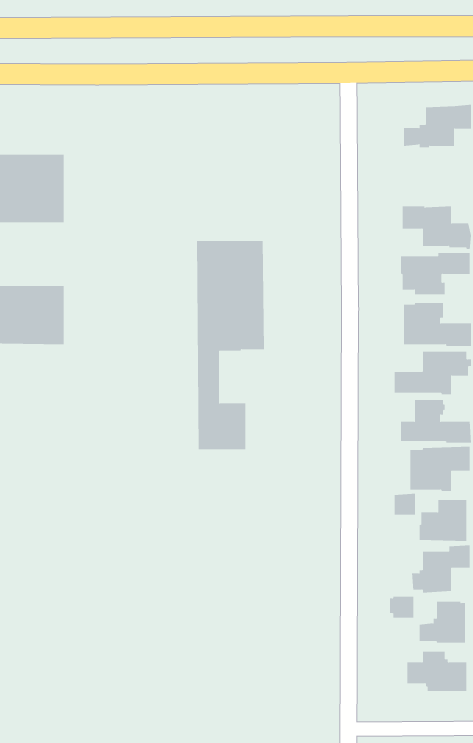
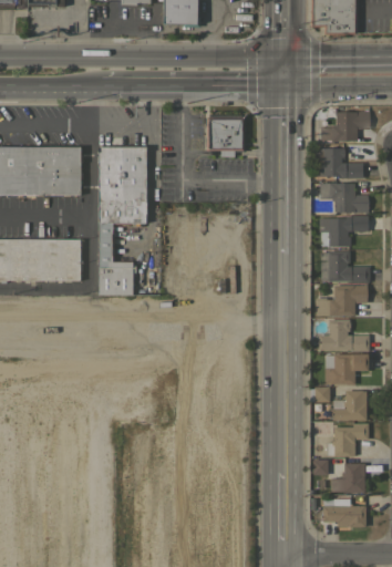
building: none -> [206,115,246,157]
building: none -> [314,148,364,178]
building: [196,240,265,450] -> [99,146,147,295]

